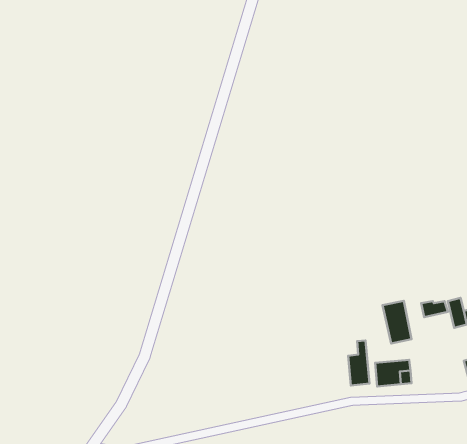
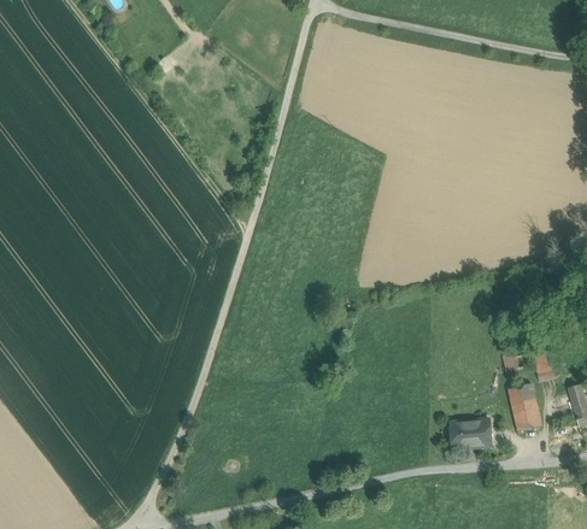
building: [383,301,411,343] -> [509,383,541,431]
building: [348,340,370,385] -> none

